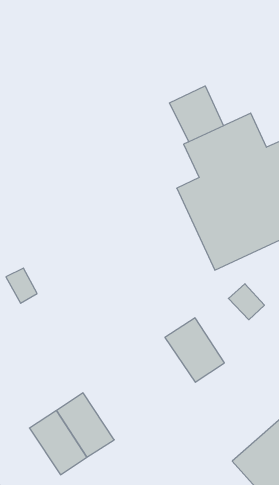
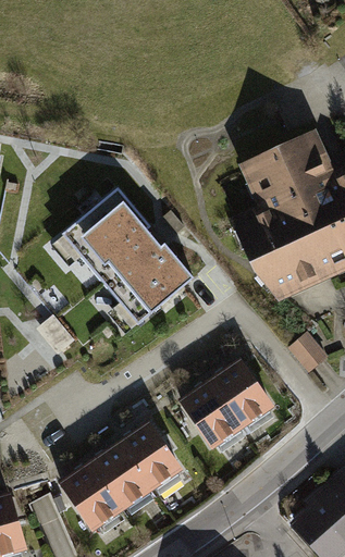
building: [170,86,224,142] -> none
building: none -> [59,186,192,324]
building: none -> [184,380,248,450]
building: none -> [123,423,186,494]

